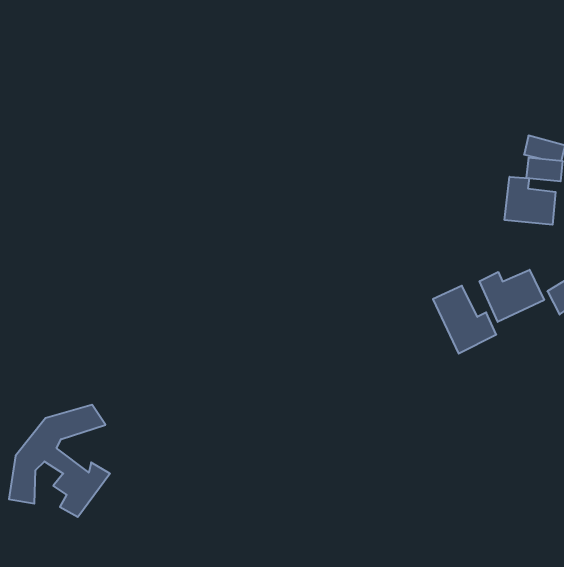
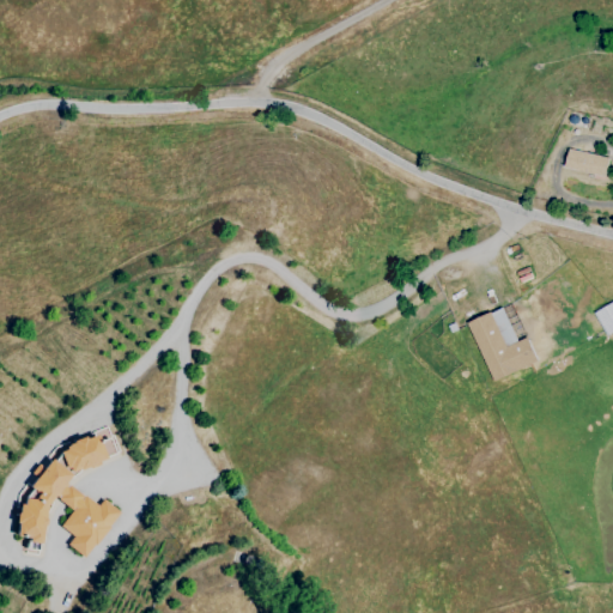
building: [505,177,556,225] -> none
building: [480,270,544,322] -> none

